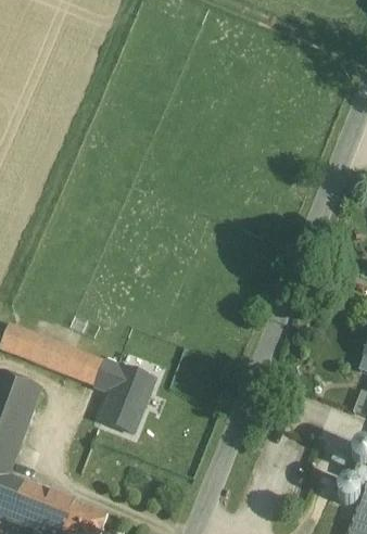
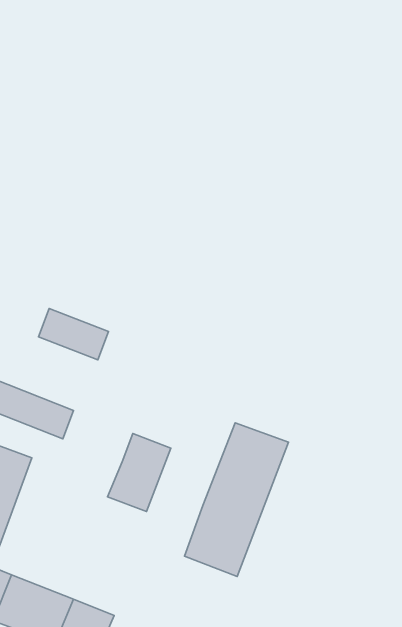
building: [69,349,126,391] -> [38,309,108,360]
building: none -> [185,423,289,577]

